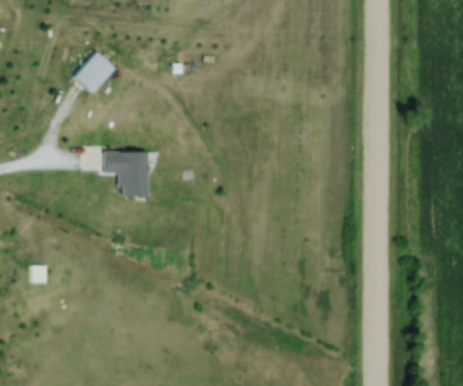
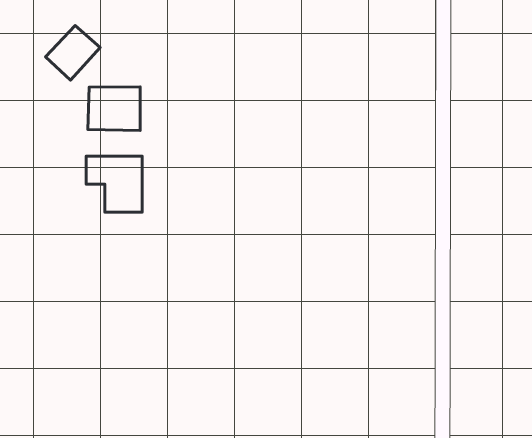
building: none -> [88,87,140,130]

